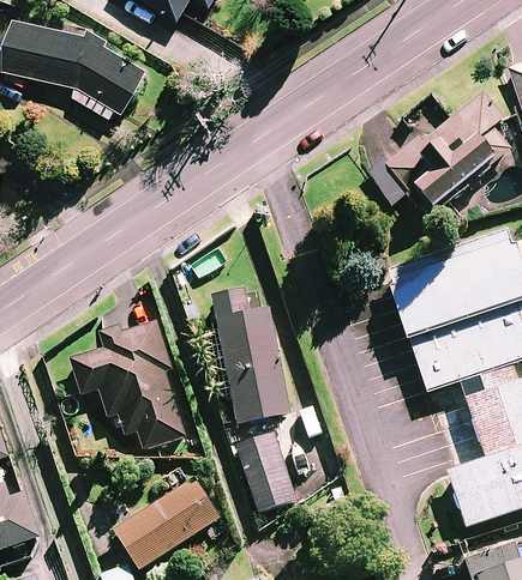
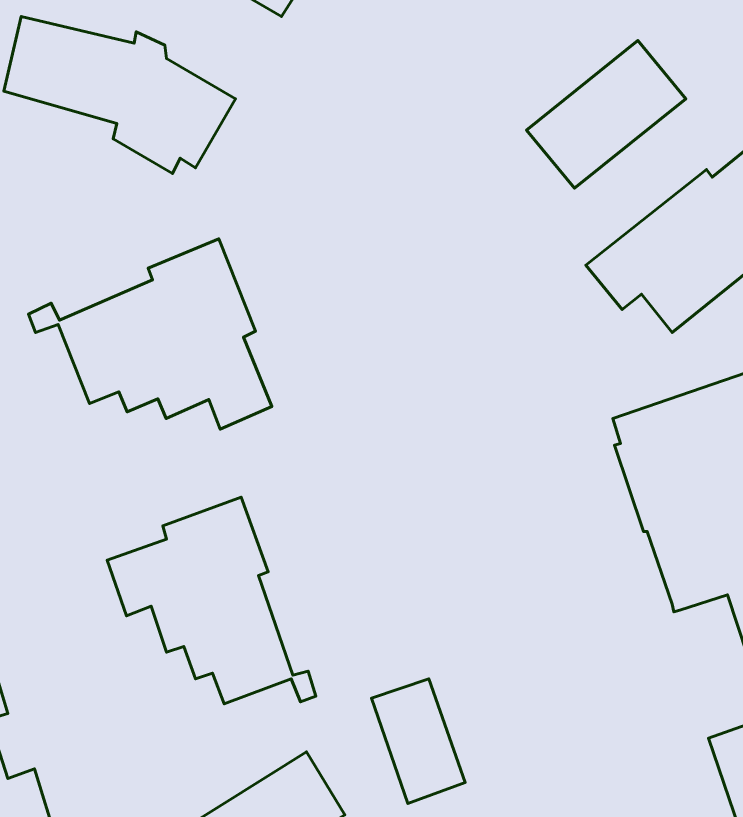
building: none -> [526,41,686,188]
building: none -> [29,239,272,429]
building: [211,285,289,424] -> none

